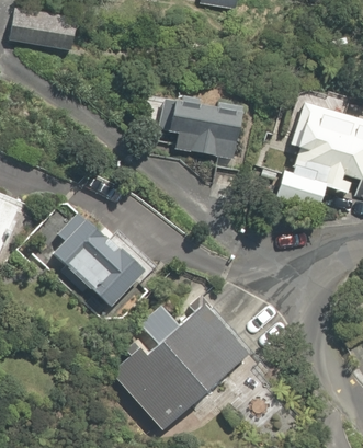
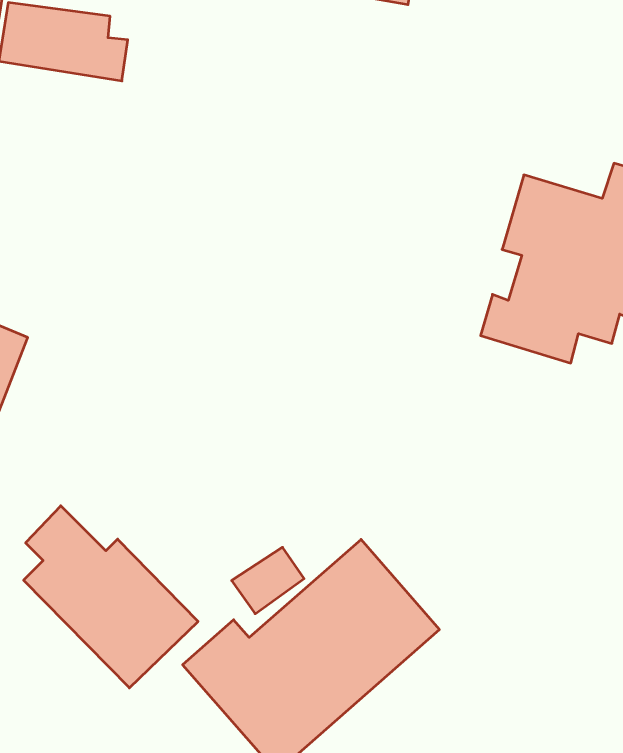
building: [154,104,246,163] -> none
building: [44,202,141,303] -> [24,506,198,688]

